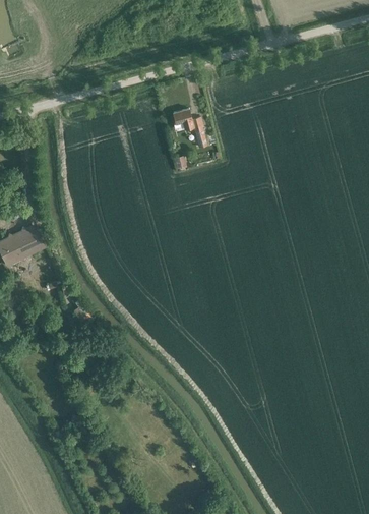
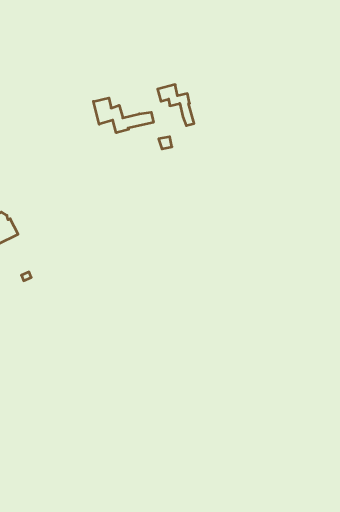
building: none -> [93,98,153,133]

